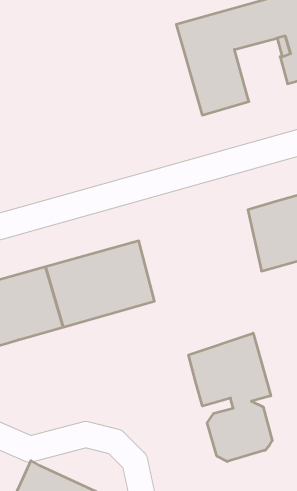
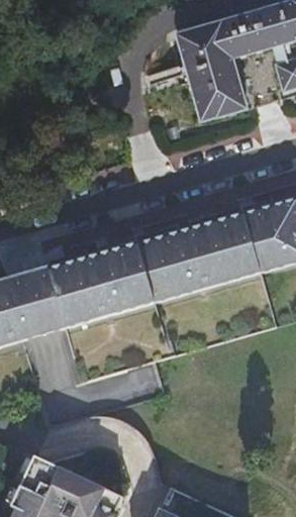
building: none -> [140,211,260,300]
building: [189,333,272,462] -> none

